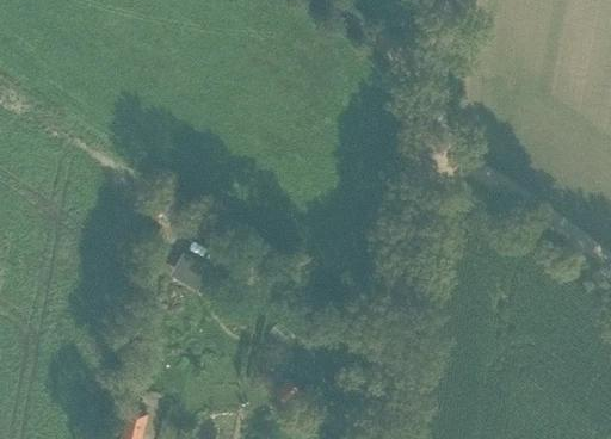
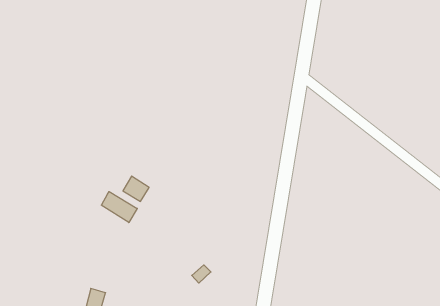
building: none -> [101,192,137,223]

